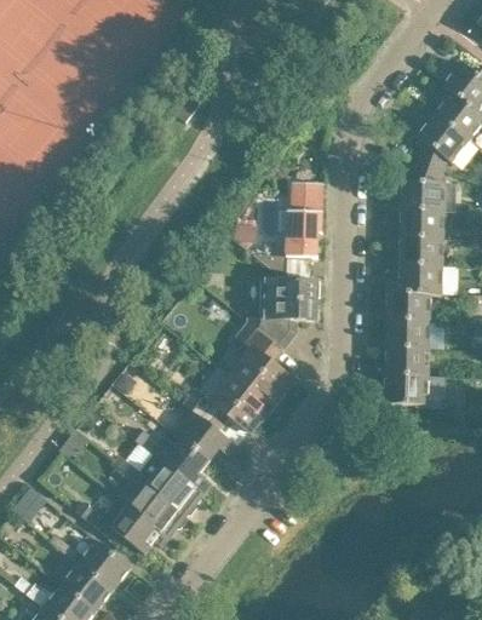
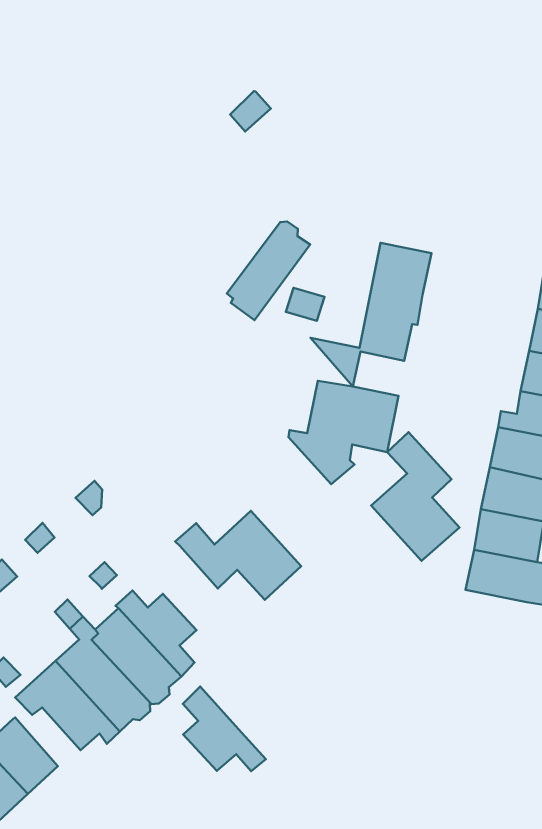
building: none -> [227,222,310,320]
building: [231,321,293,406] -> [371,432,460,561]
building: [178,406,240,460] -> [183,687,266,771]

